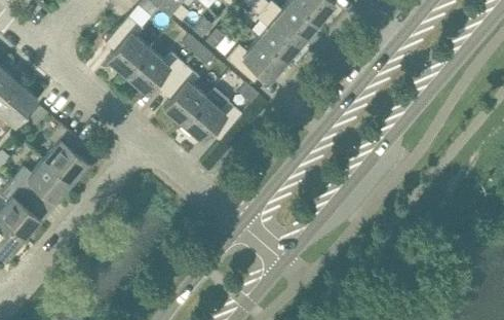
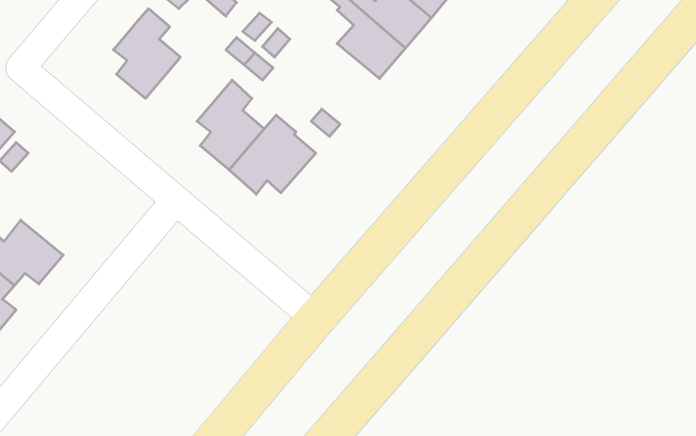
building: [226,40,285,82] -> none
building: [127,49,186,94] -> none
building: [43,125,88,183] -> none

